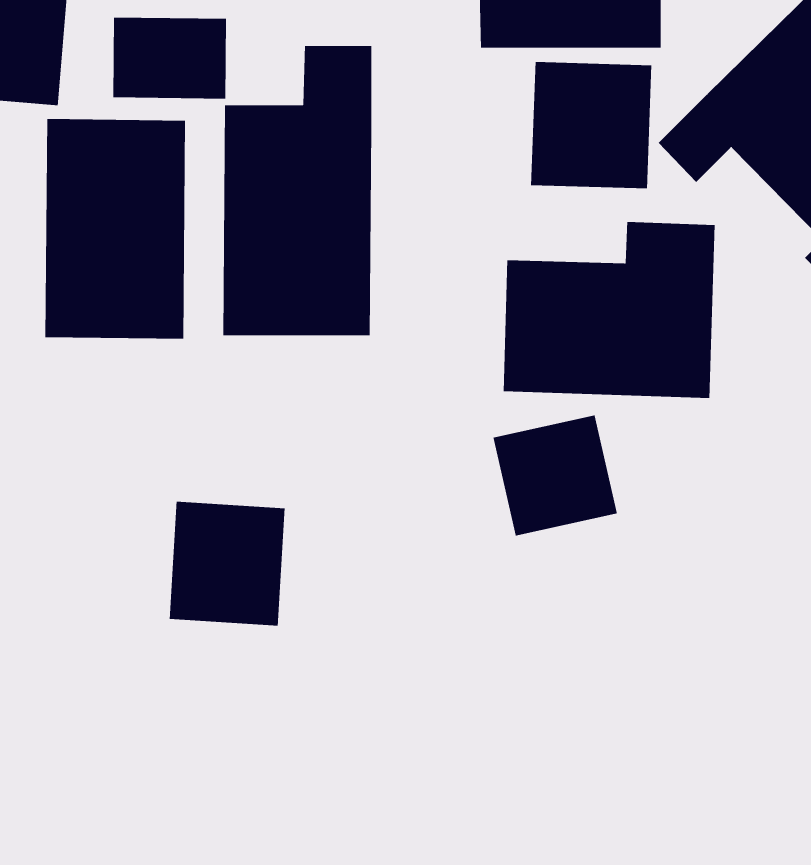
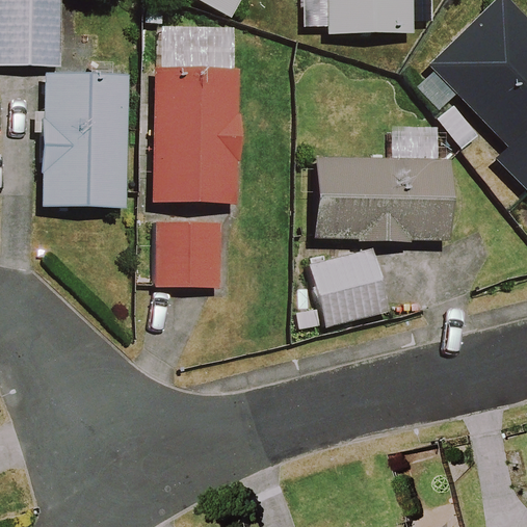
building: [112,17,227,99] -> none
building: [530,61,652,189] -> none
building: [169,501,285,626] -> [155,216,225,291]

